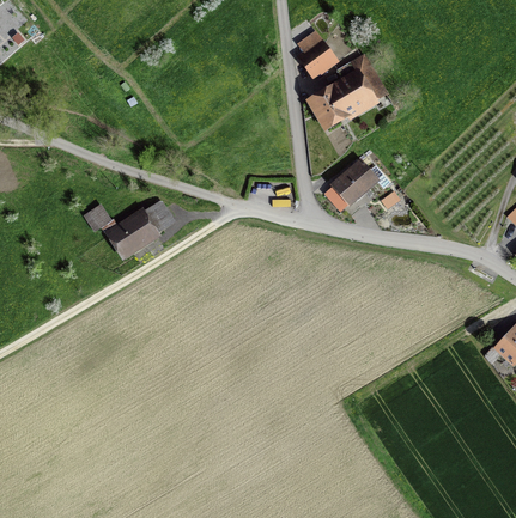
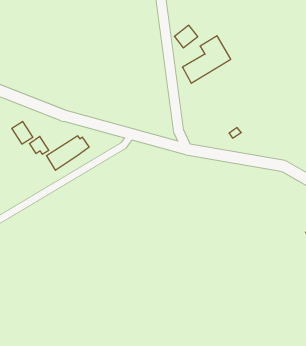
building: [333,162,389,203] -> none
building: none -> [12,121,33,144]

